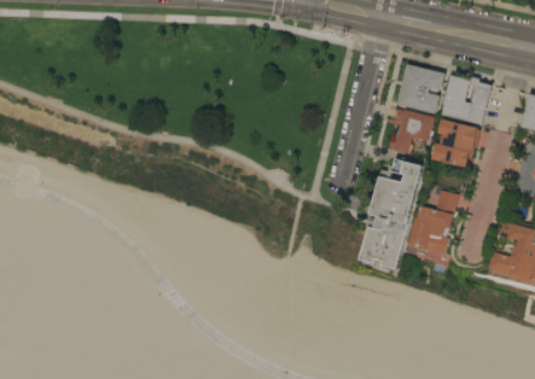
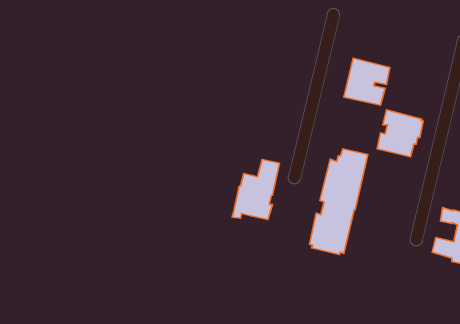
building: [441,75,490,124] -> none
building: [388,109,435,153] -> none
building: [408,191,458,253] -> [232,160,279,219]

